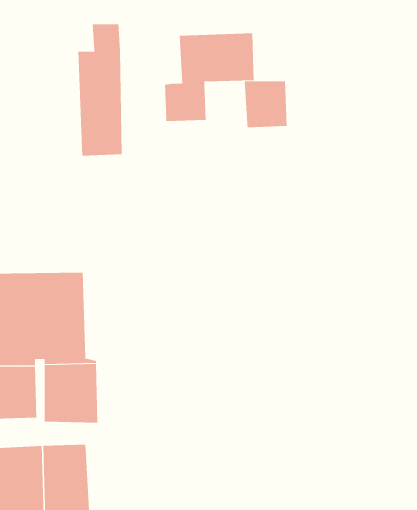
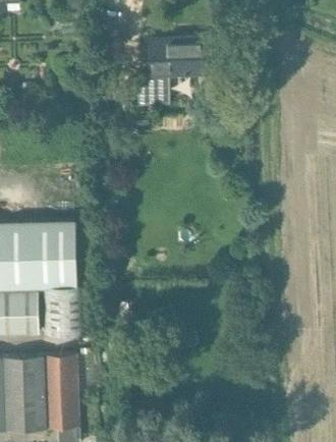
building: [78,23,122,156] -> none
building: [244,80,287,128] -> none

